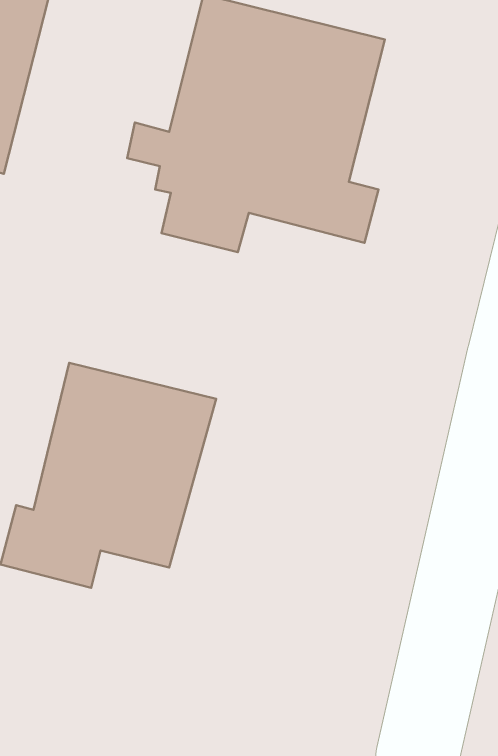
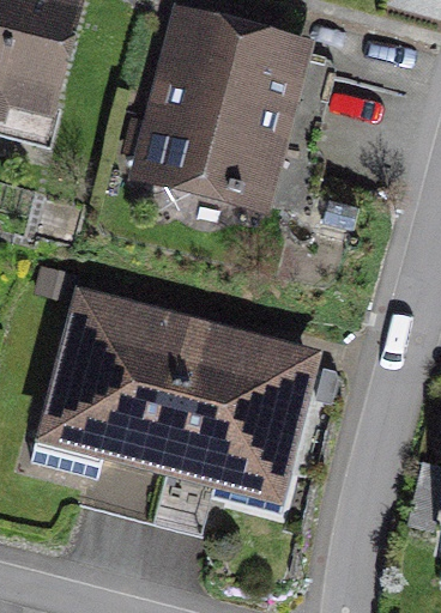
building: none -> [159,320,306,500]

